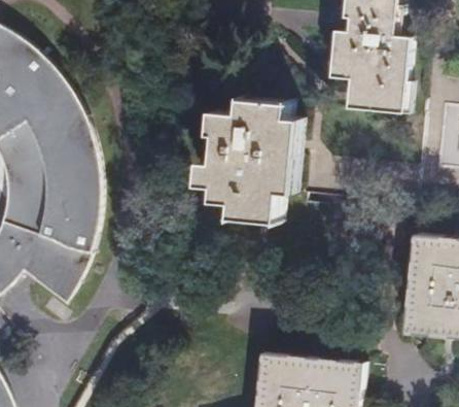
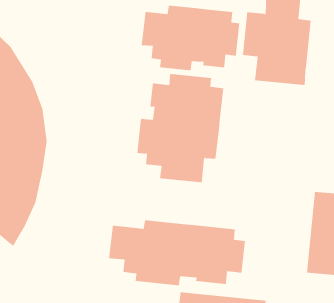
building: none -> [141,5,240,71]
building: none -> [109,219,245,286]

